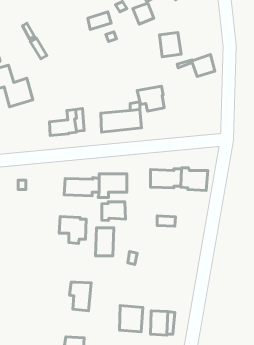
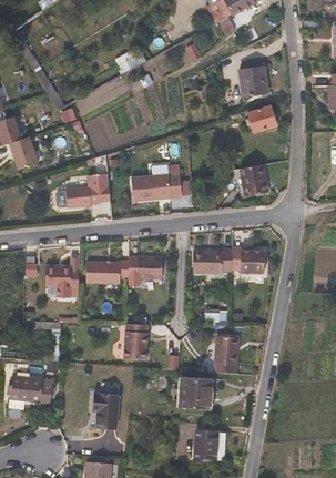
building: [160,32,181,57] -> [240,64,267,95]
building: [137,86,164,111] -> [231,163,265,195]
building: [102,202,125,221] -> none
building: [59,216,86,243] -> [43,264,78,298]
building: none -> [214,335,238,373]
building: none -> [8,375,52,409]
building: [119,306,143,332] -> [182,376,212,409]

